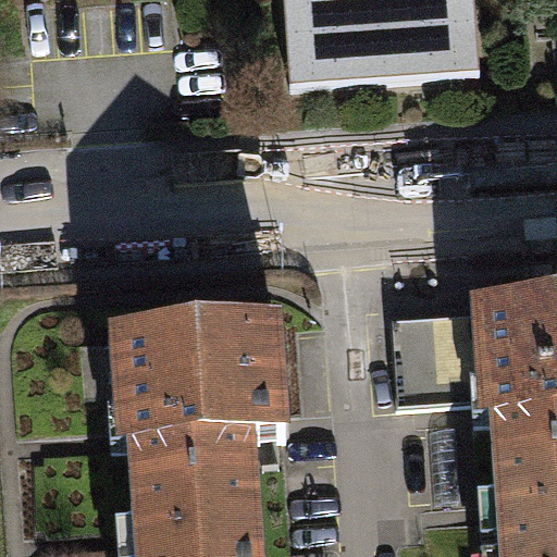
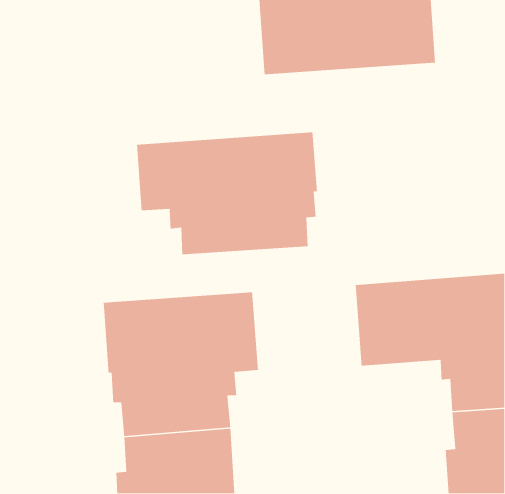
building: none -> [136,131,318,255]

